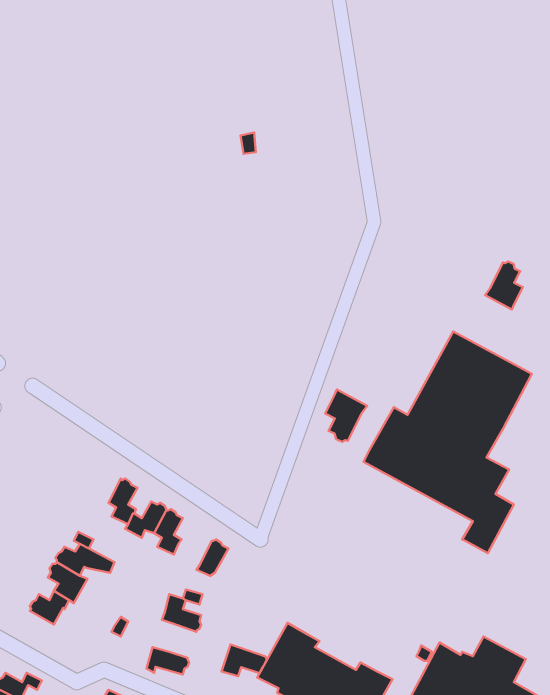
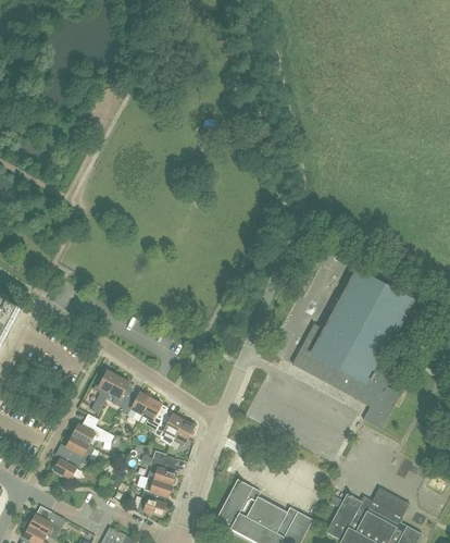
building: [485,261,523,310] -> none
building: [325,390,367,442] -> none
building: none -> [90,370,117,414]
building: none -> [153,414,183,443]
building: [221,644,267,676] -> [140,477,173,499]

